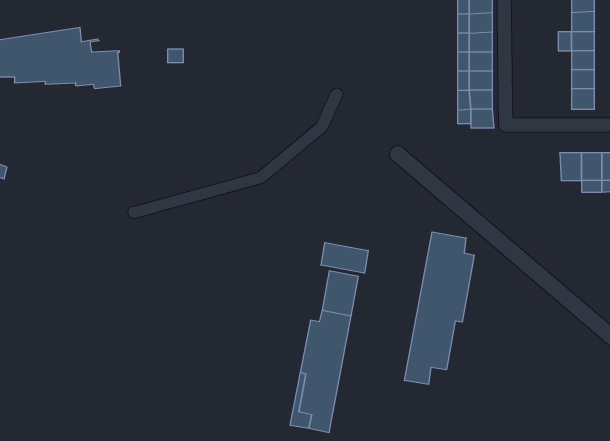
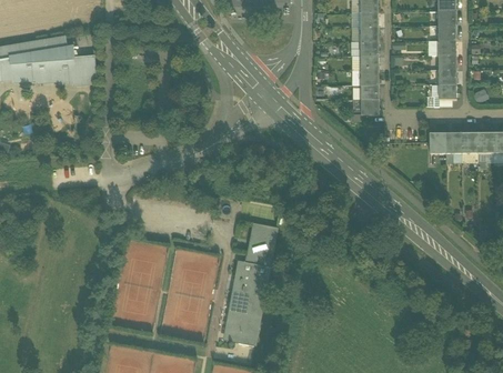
building: [404,232,474,384] -> none
building: [321,242,368,273] -> none

